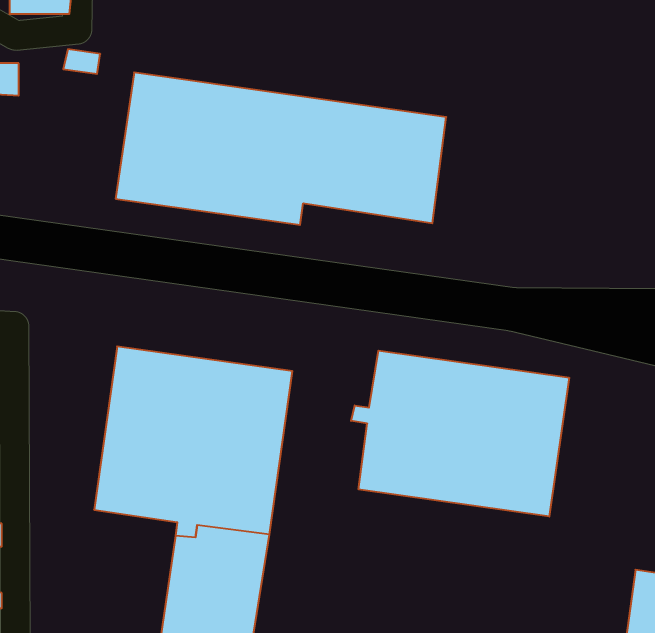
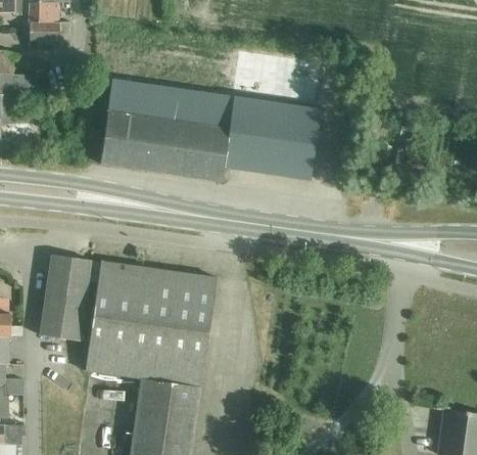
building: none -> [39,255,90,342]
building: [351,351,569,517] -> none

